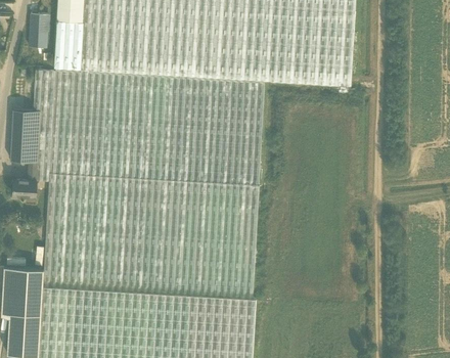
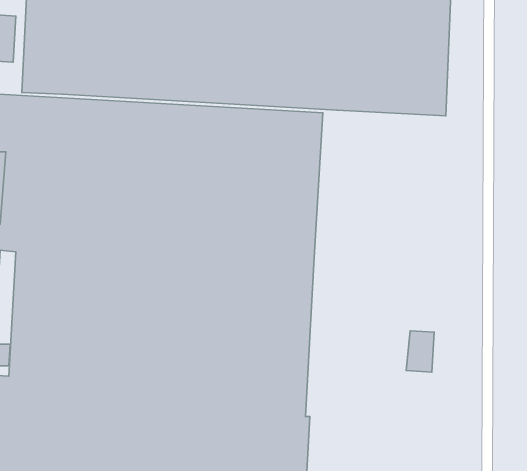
building: none -> [406,331,434,372]

